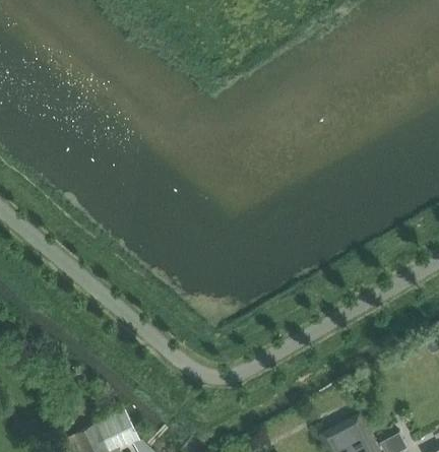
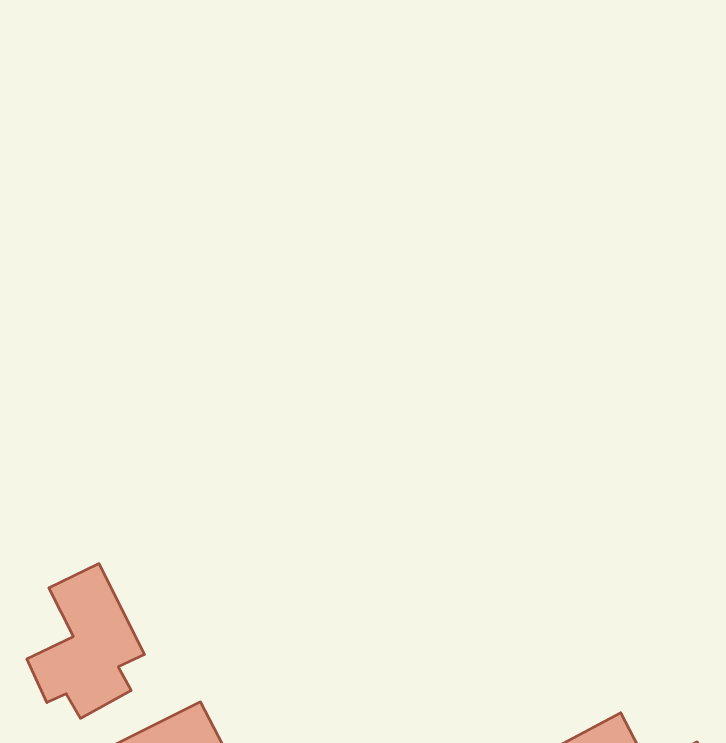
building: none -> [27,564,144,718]

